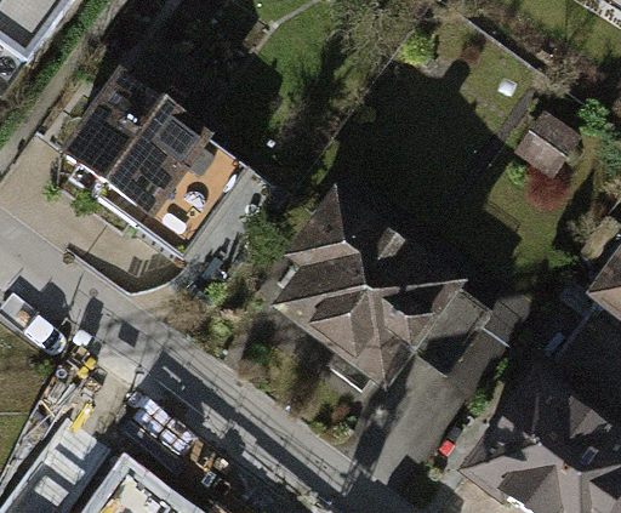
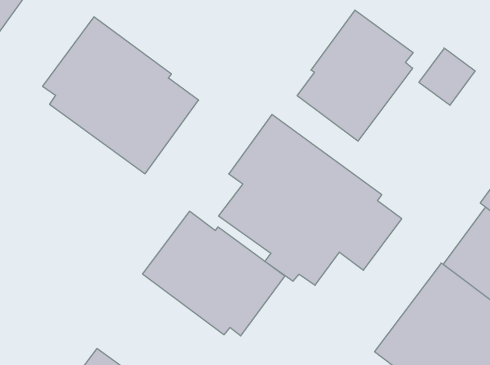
building: none -> [297,10,413,141]
building: none -> [143,211,285,336]

